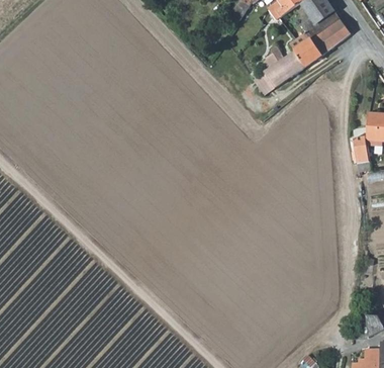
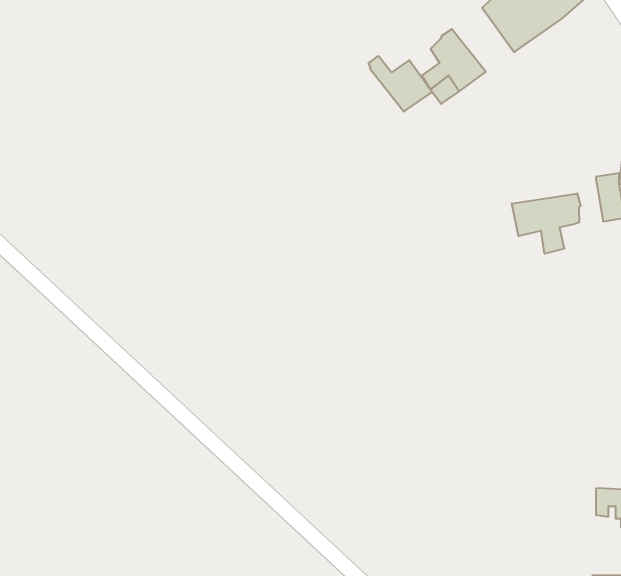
building: [270,45,306,77] -> [368,56,432,112]
building: none -> [512,193,581,254]

